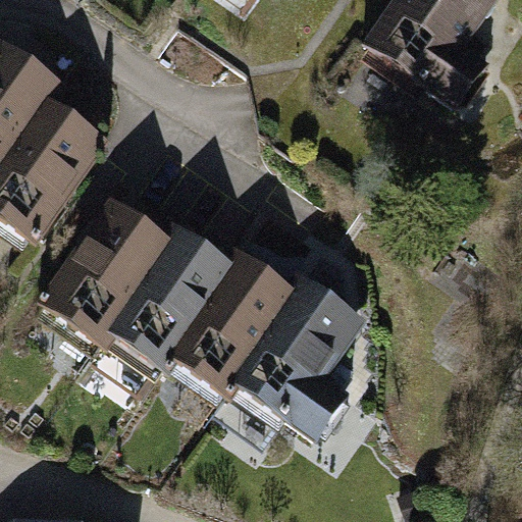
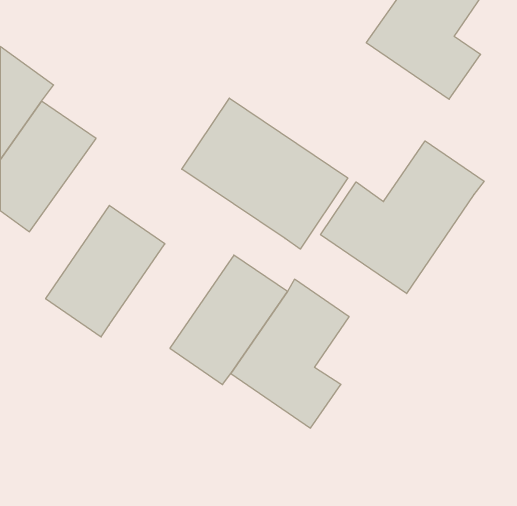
building: none -> [182,98,348,249]
building: none -> [321,141,484,294]
building: [110,233,227,363] -> none

